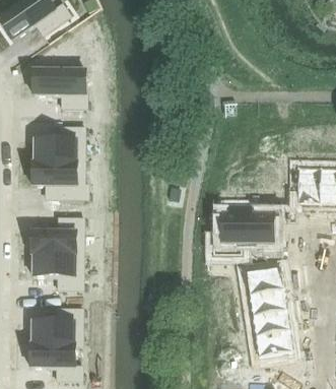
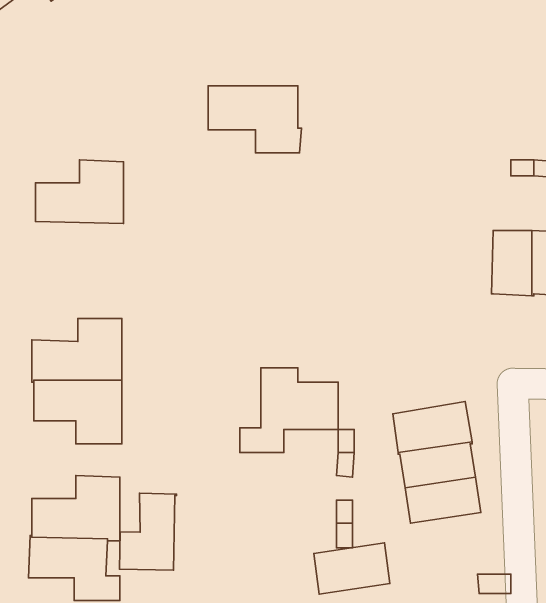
building: [32,68,86,107] -> [208,86,301,153]
building: [30,159,87,197] -> none
building: [215,205,272,254] -> [240,368,338,453]
building: none -> [119,493,176,570]
building: [249,328,292,358] -> [314,543,390,594]

